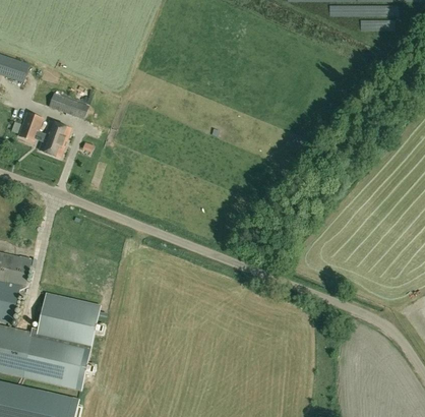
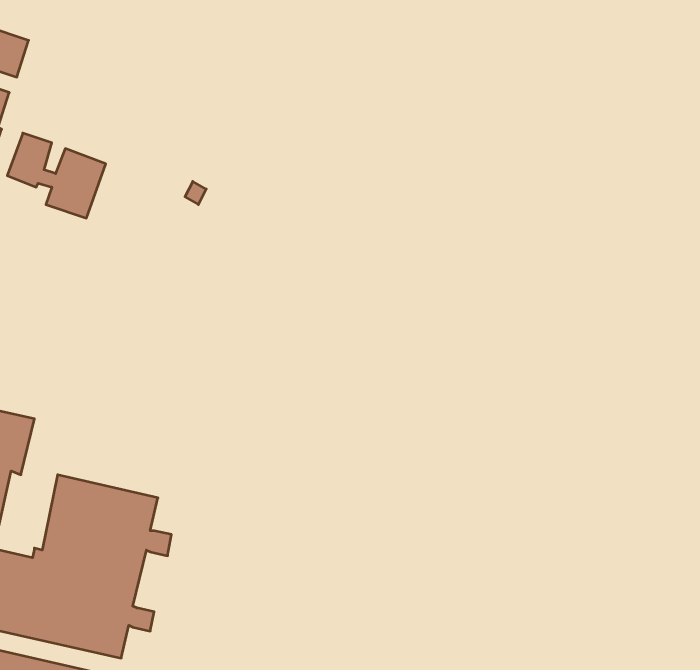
building: [48,93,87,119] -> none

